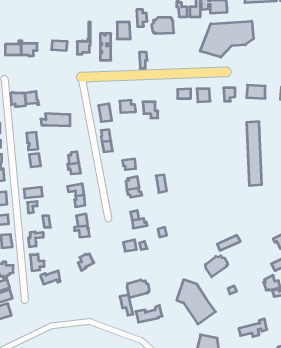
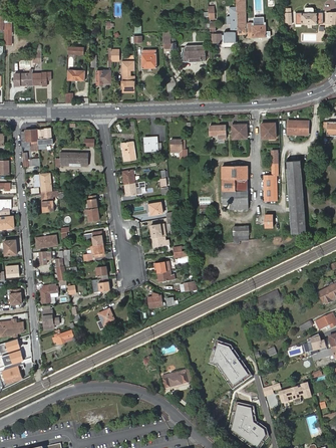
building: [200,21,253,57] -> none
building: none -> [264,150,278,200]
building: none -> [222,166,248,210]
building: [205,256,228,277] -> none
building: [127,280,149,298] -> none

